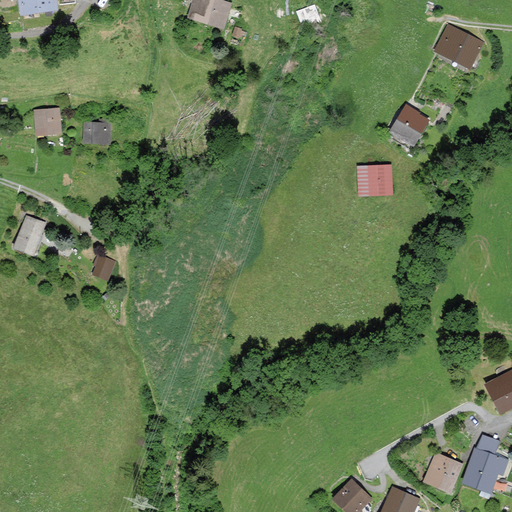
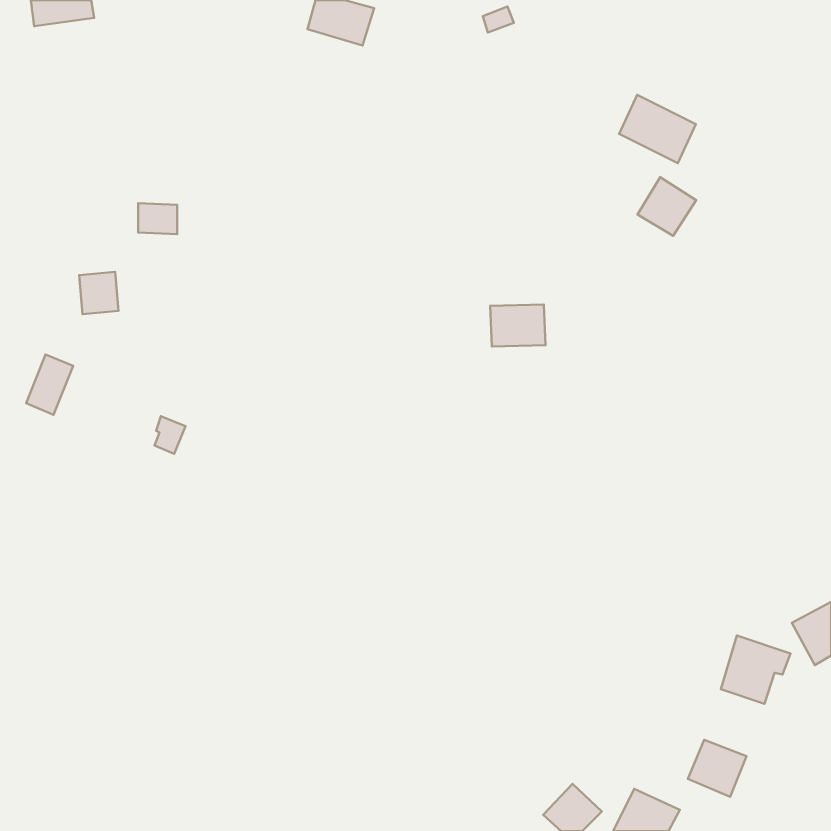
building: [436,24,483,66] -> [619,95,696,163]
building: [36,110,60,136] -> [79,272,118,314]
building: [358,167,392,193] -> [490,304,545,347]
building: [464,447,507,489] -> [721,636,791,704]

